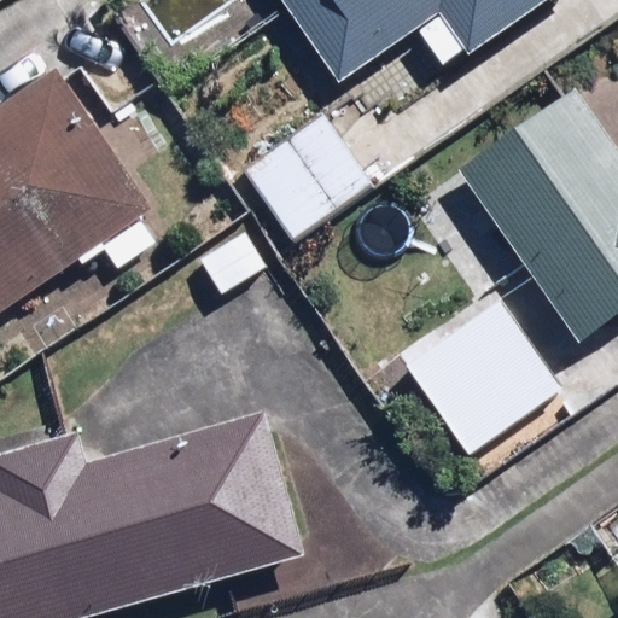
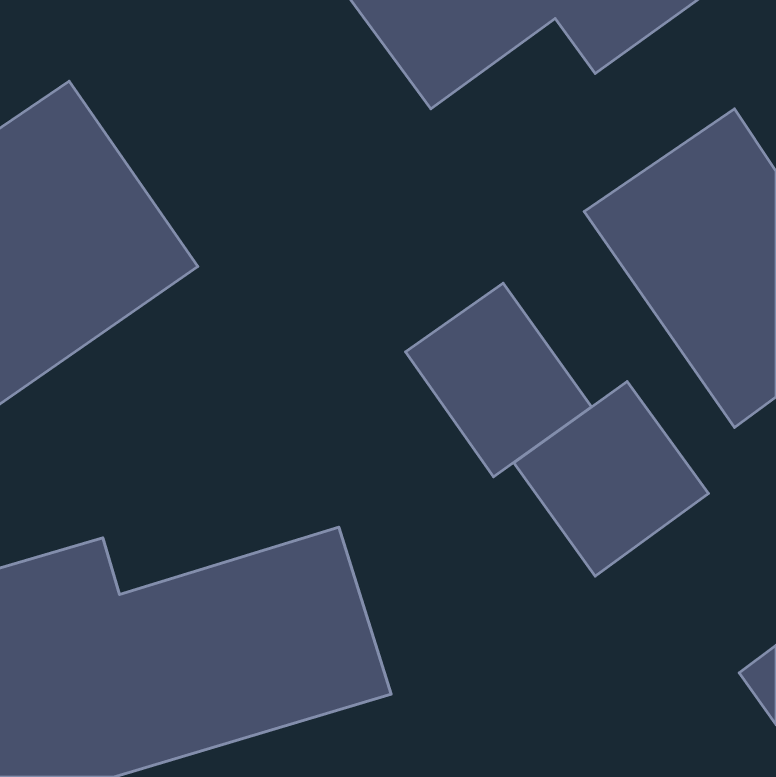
building: [237,109,374,244] -> none
building: none -> [405,283,592,477]

